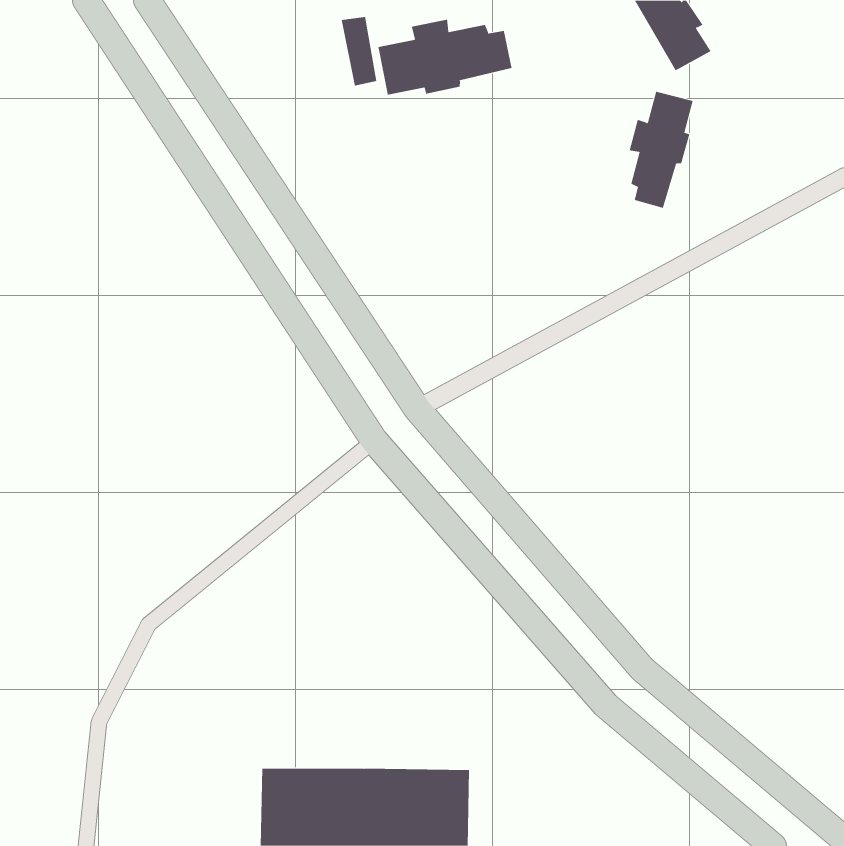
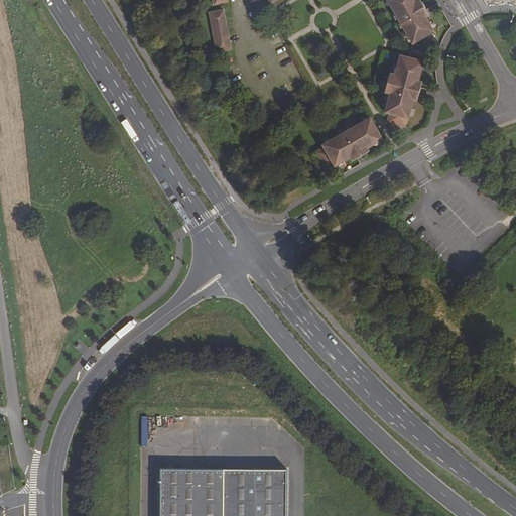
building: [378,19,512,95] -> none
building: none -> [314,118,381,168]

